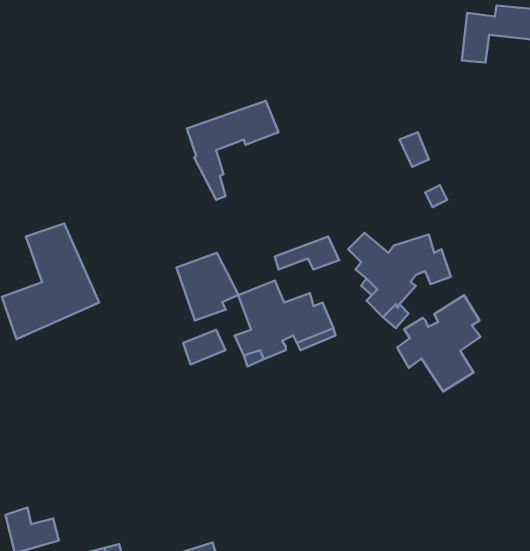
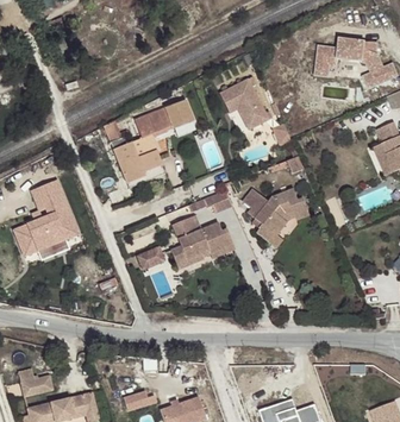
building: none -> [221,75,269,128]
building: [176,253,239,321] -> [114,138,155,182]
building: [397,295,480,392] -> none

